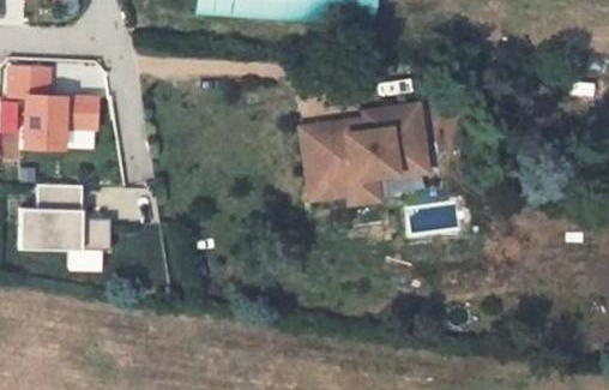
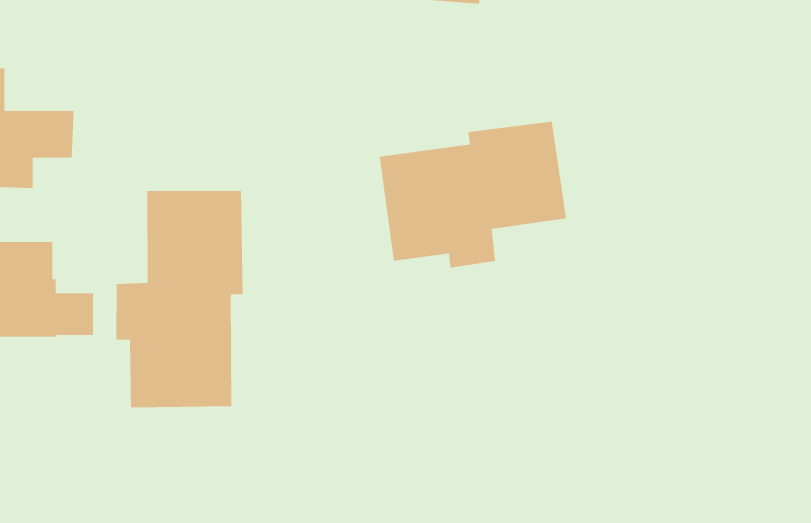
building: none -> [116,190,243,408]

